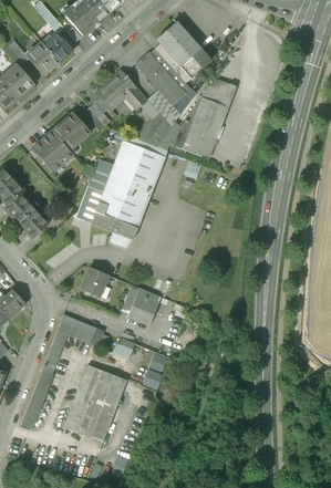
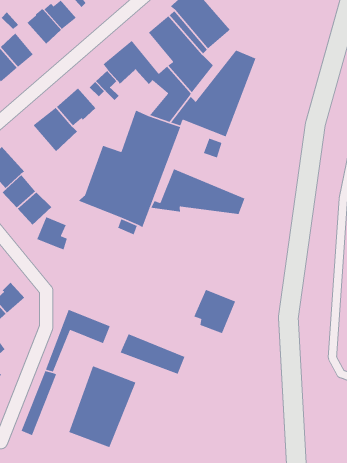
building: none -> [150,168,246,215]
building: [81,267,110,298] -> [36,216,68,250]
building: [122,284,161,325] -> [193,289,236,334]

